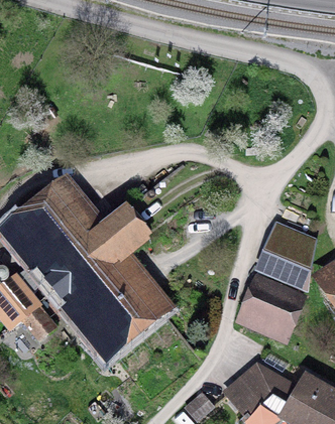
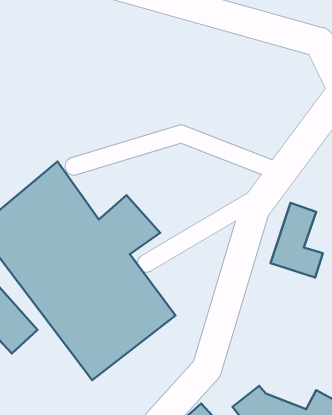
building: [246,262,301,325] -> none

